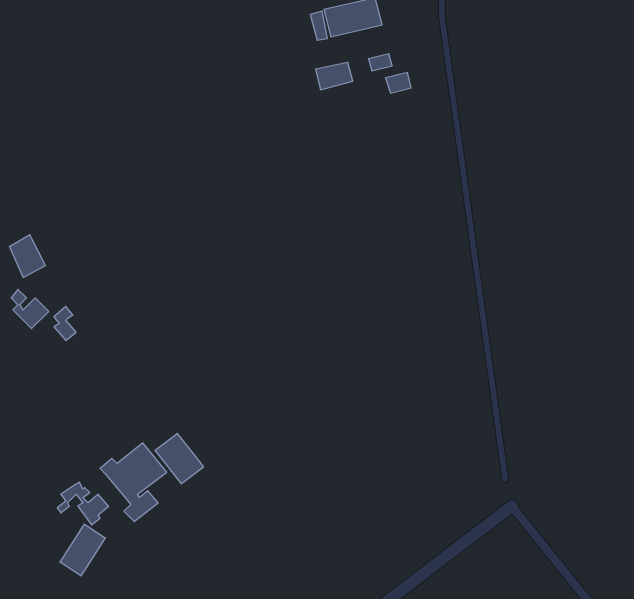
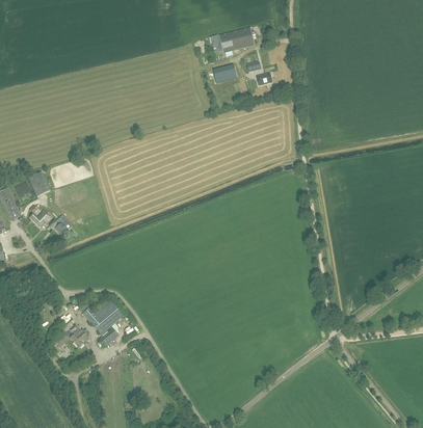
building: [155,433,203,484] -> none
building: [60,524,105,576] -> none

